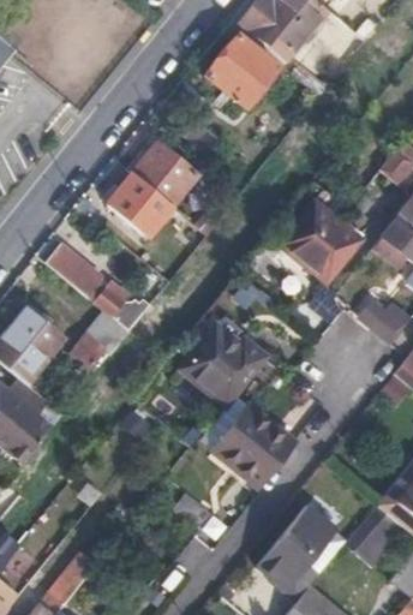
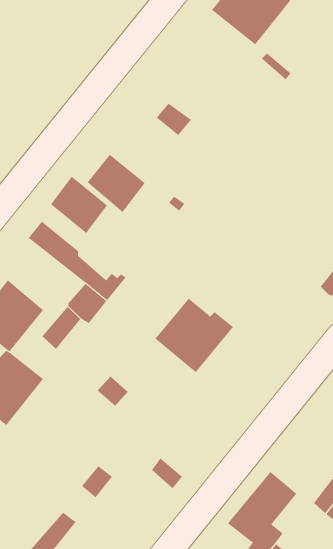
building: [208,36,279,106] -> none
building: [133,143,194,204] -> [50,176,108,234]
building: [281,204,357,281] -> none
building: [211,404,294,486] -> none

